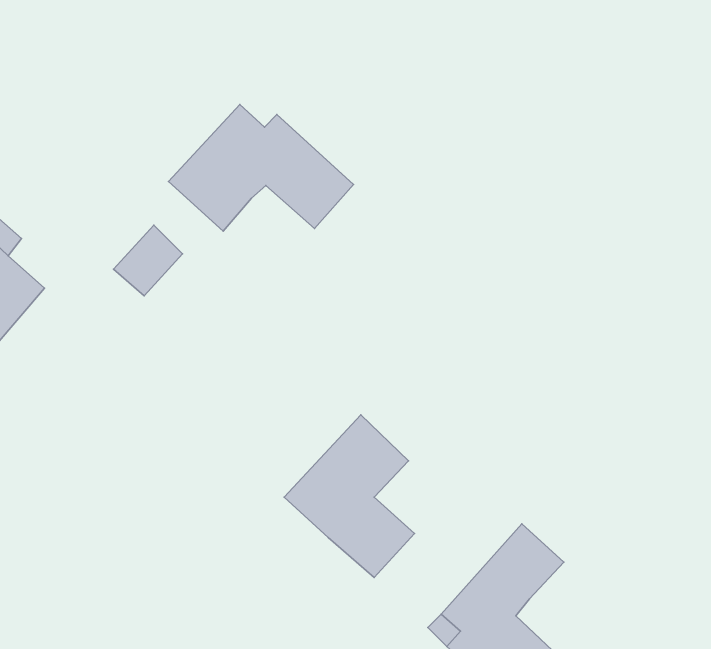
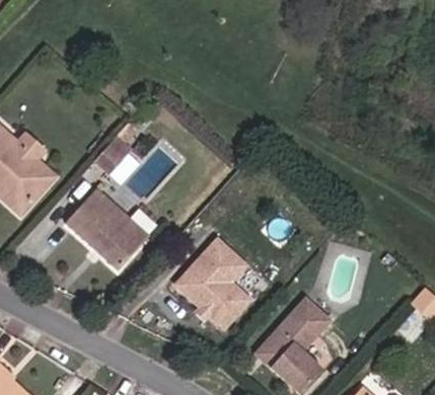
building: [169,105,354,231] -> none
building: none -> [66,191,147,268]

